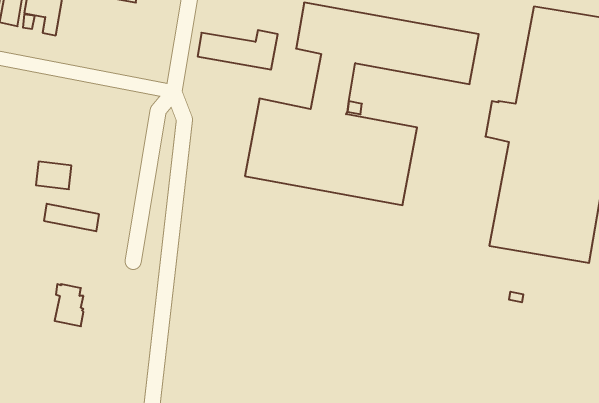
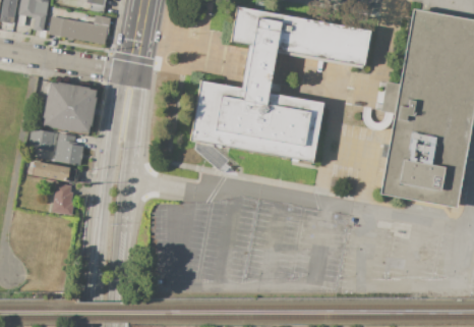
building: [198,30,278,70] -> [49,14,111,45]
building: none -> [43,80,98,133]
building: none -> [55,132,84,165]
building: [55,284,83,326] -> [52,182,74,215]

